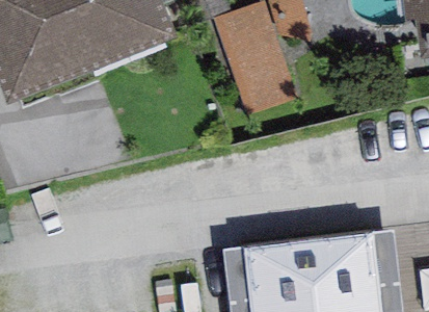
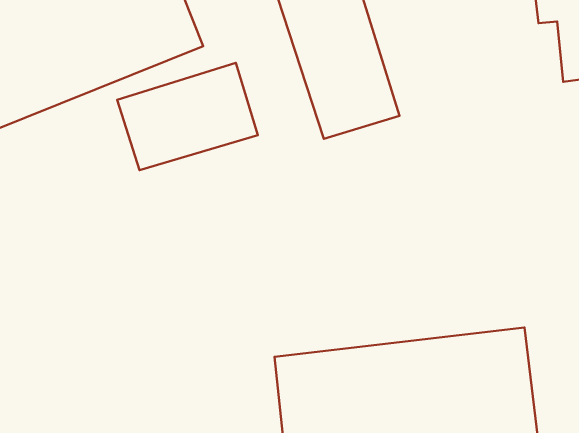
building: none -> [117,63,258,170]

